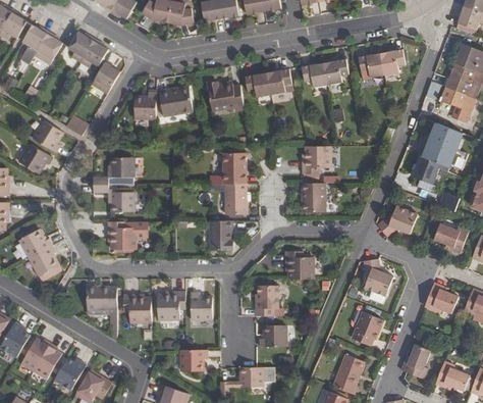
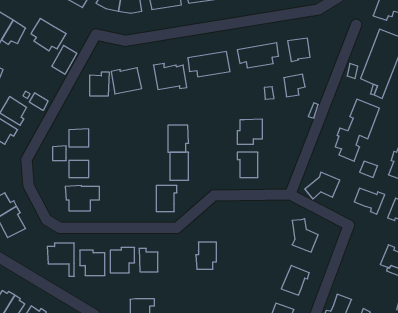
building: [380,49,405,74] -> [284,74,305,97]
building: [284,250,313,279] -> none
building: [424,283,458,312] -> none
building: [259,324,285,346] -> none

